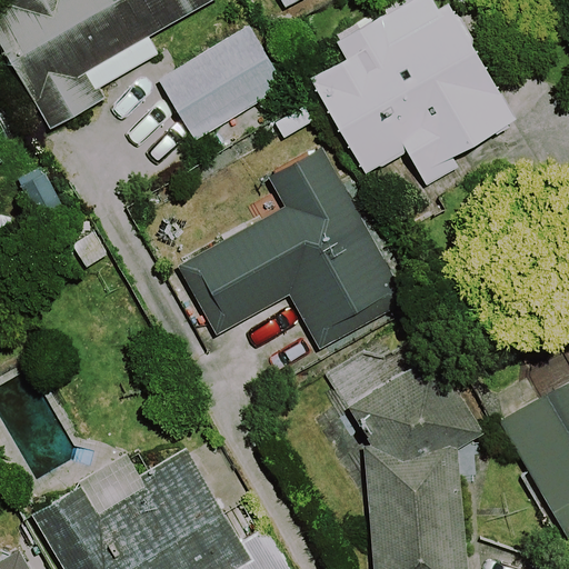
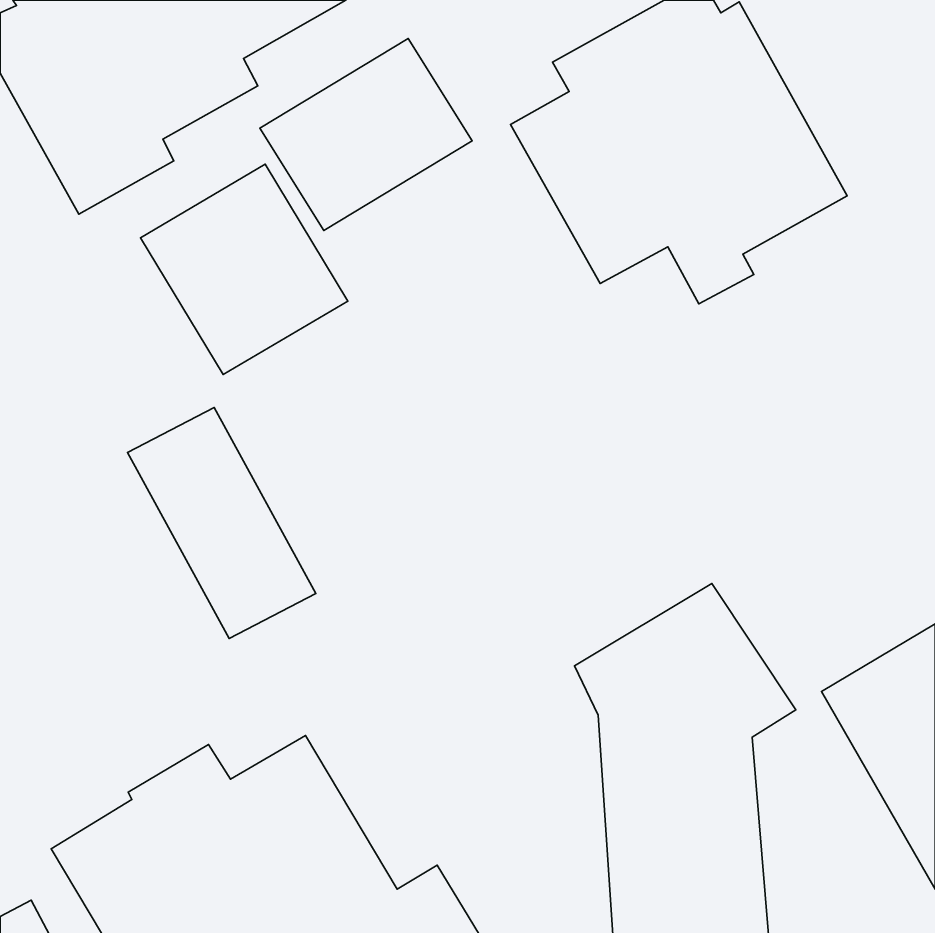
building: none -> [140,164,348,375]
building: [177,147,406,349] -> none
building: none -> [127,408,316,639]

